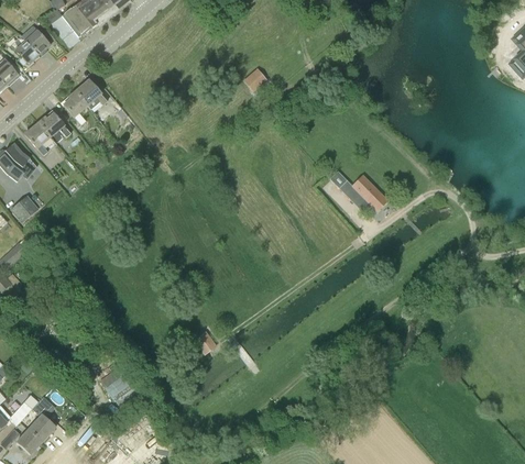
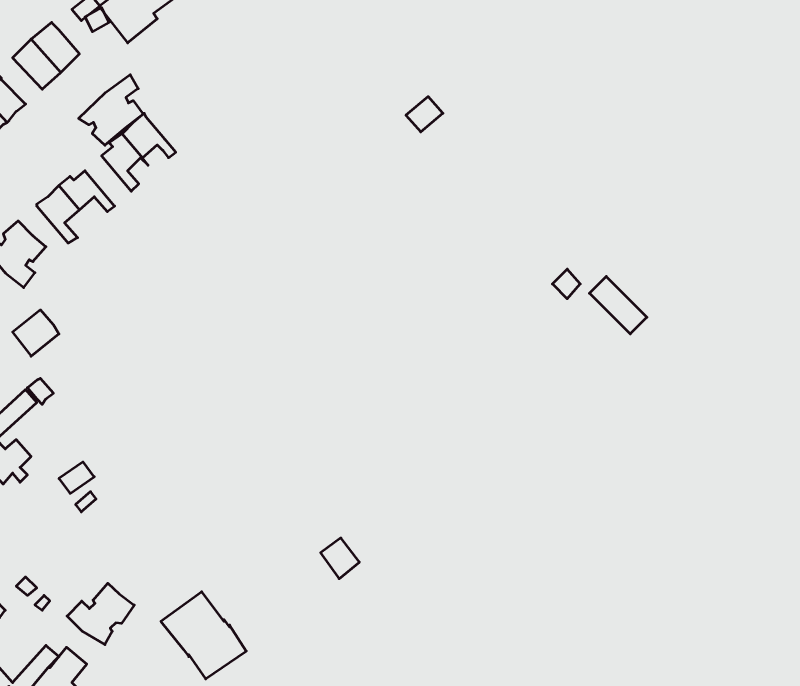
building: none -> [79,75,143,145]
building: none -> [67,583,134,645]

